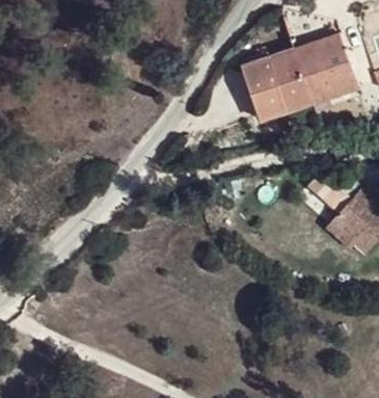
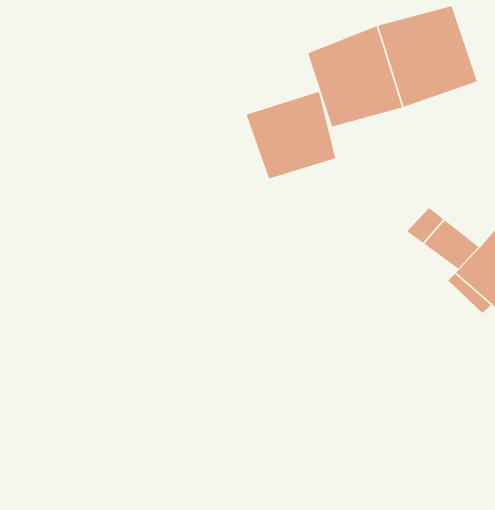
building: none -> [245,91,336,179]

